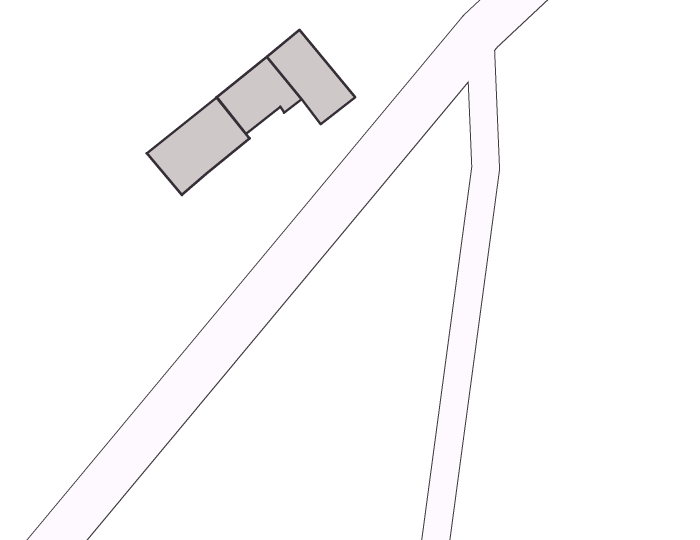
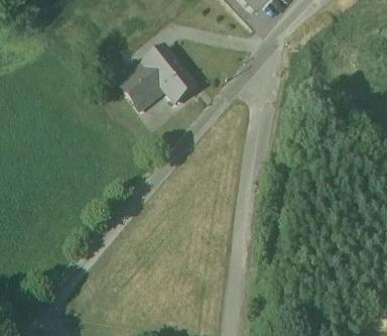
building: [147,97,250,195] -> none

